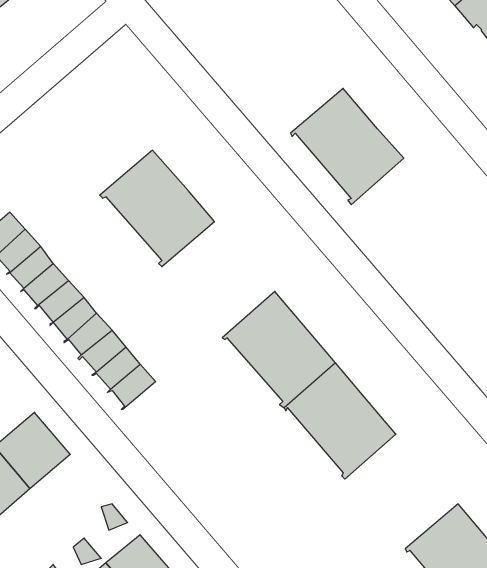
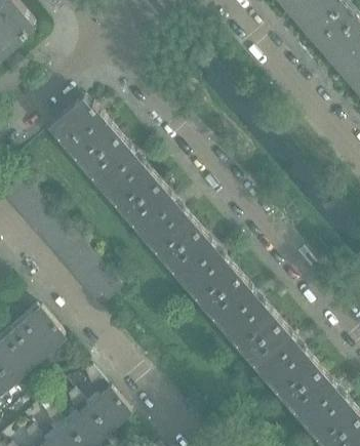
building: [291,88,404,205] -> [123,186,198,262]
building: none -> [48,100,117,168]
building: none -> [244,326,319,402]

